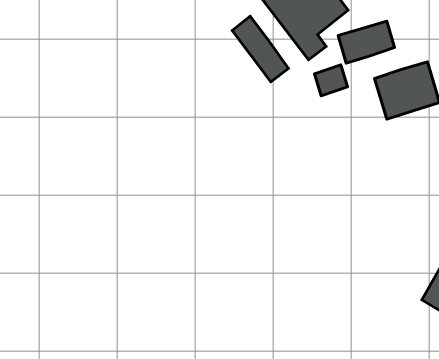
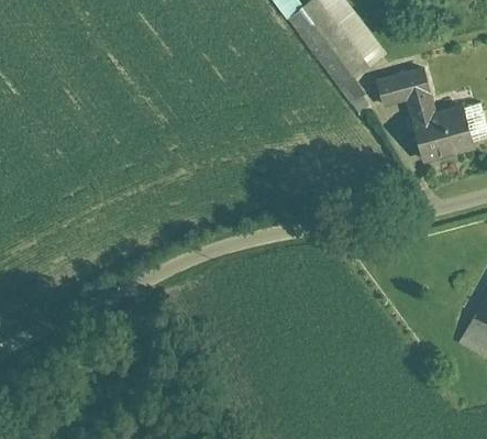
building: [232,16,289,82] -> none
building: [314,65,348,96] -> [406,91,439,122]

